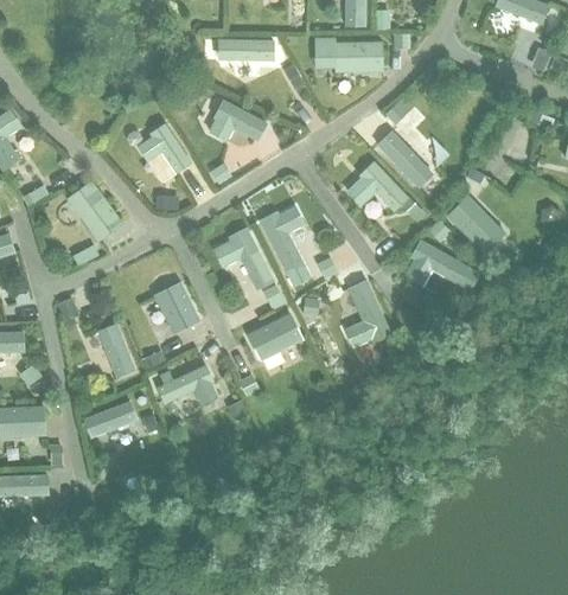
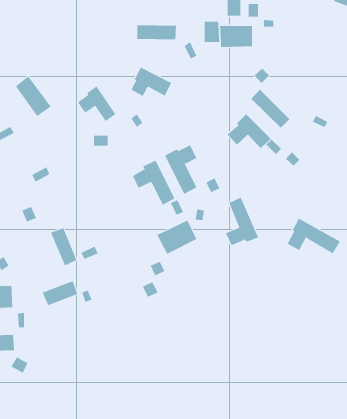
building: [71,179,122,237] -> [15,75,51,117]
building: [447,194,505,251] -> none
building: [403,242,479,293] -> [287,218,341,254]
building: [154,280,198,332] -> none
building: [155,366,217,409] -> none

